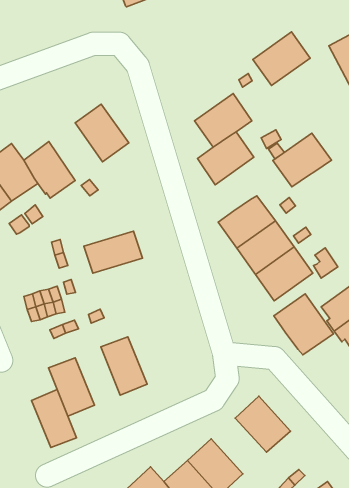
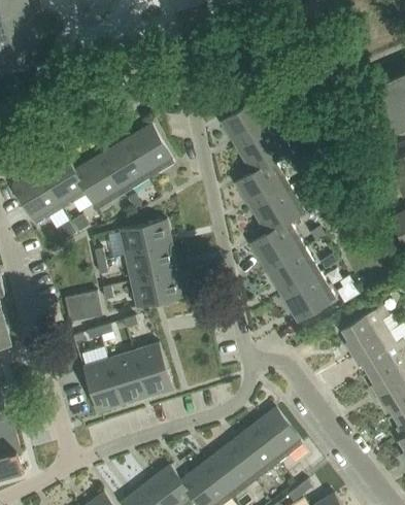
building: [253,32,310,86] -> [222,99,275,147]
building: none -> [100,140,148,194]
building: [273,133,332,187] -> [251,186,306,234]
building: none -> [120,218,172,256]
building: none -> [131,271,183,307]
building: [274,294,334,355] -> none
building: [31,389,76,448] -> [108,350,147,404]
building: none -> [229,427,279,479]

